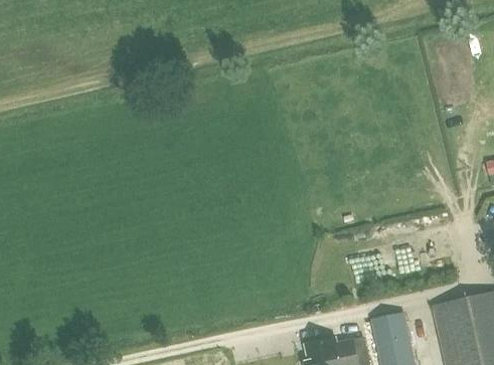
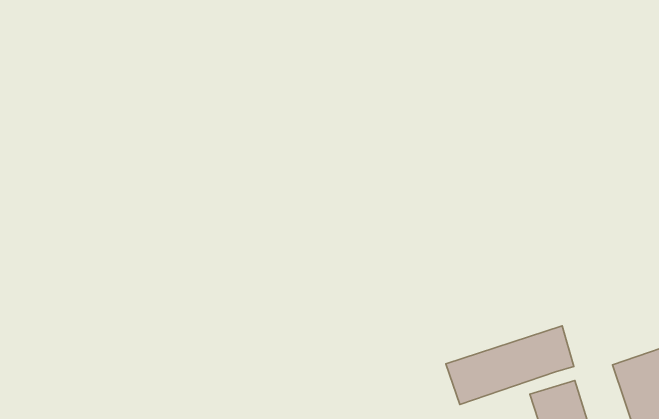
building: none -> [446,326,574,404]

